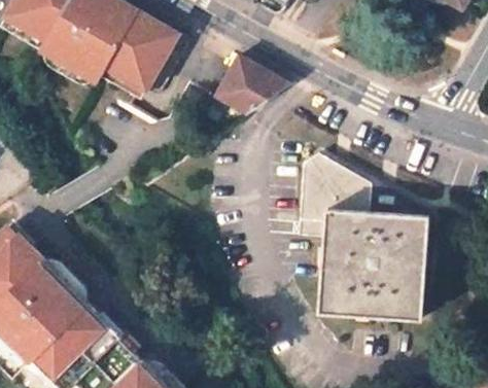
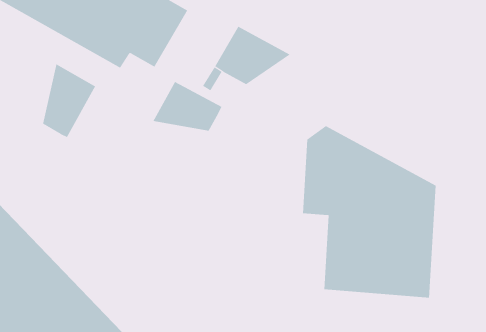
building: none -> [42,63,96,138]
building: none -> [153,81,222,132]

